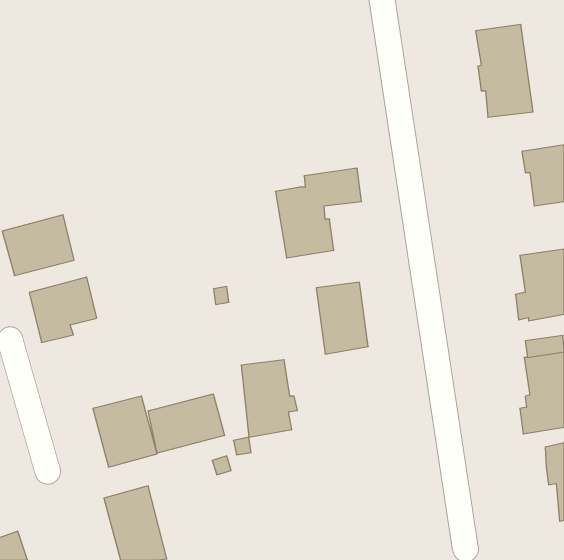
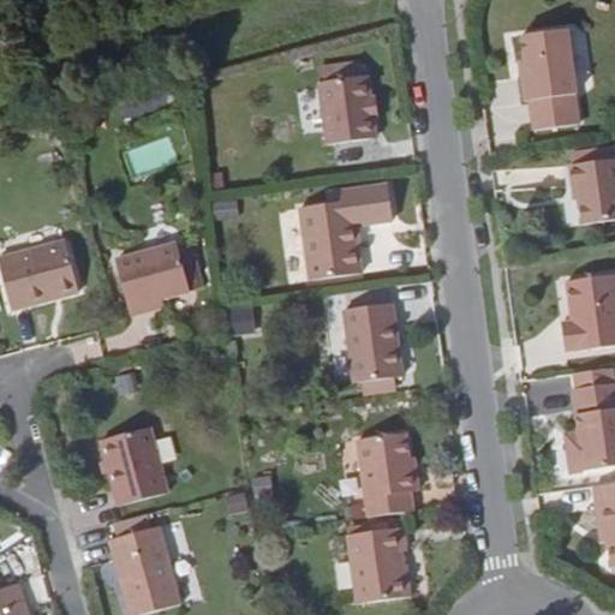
building: none -> [318,76,375,144]
building: [29,277,97,342] -> [136,238,209,309]
building: [241,360,297,437] -> [357,432,418,517]
building: [148,394,224,453] -> none
building: none -> [348,525,408,603]

